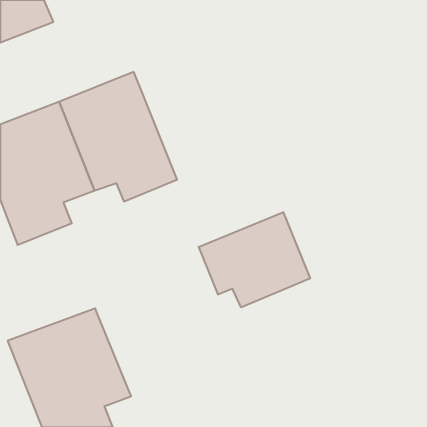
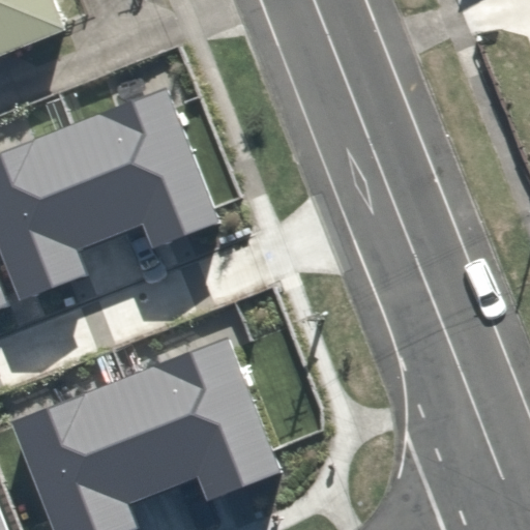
building: [199,212,310,307] -> none
building: none -> [118,341,281,503]

